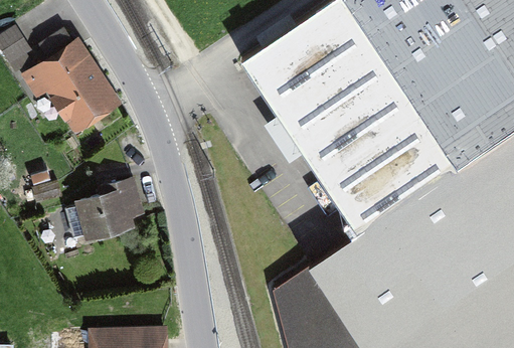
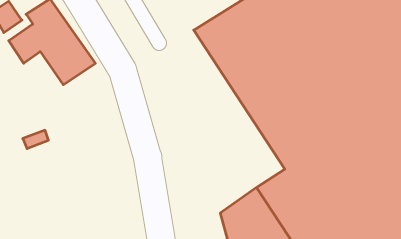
building: [72,171,143,239] -> none

